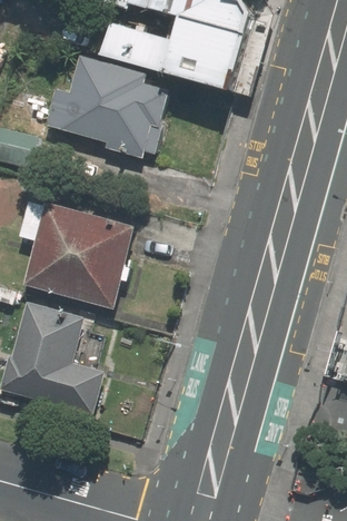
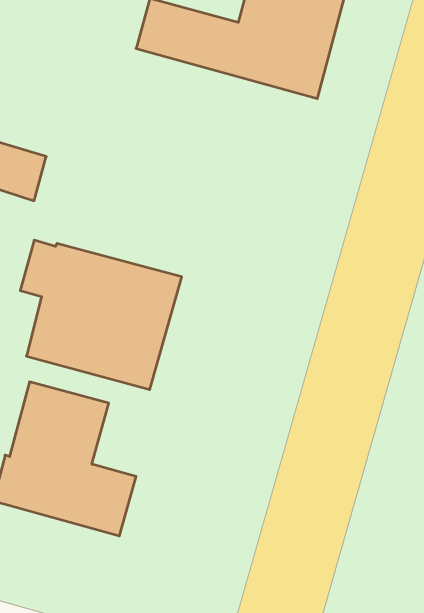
building: [44,53,168,158] -> none

